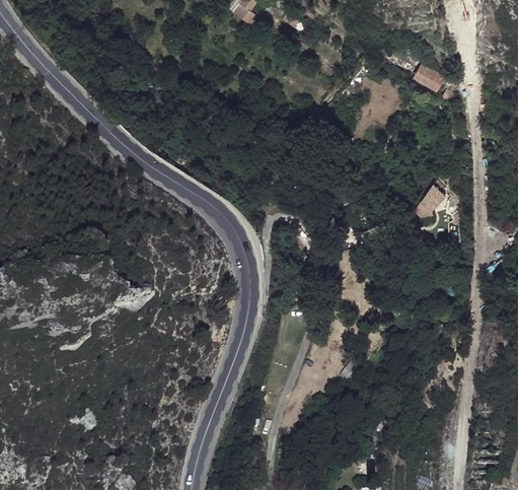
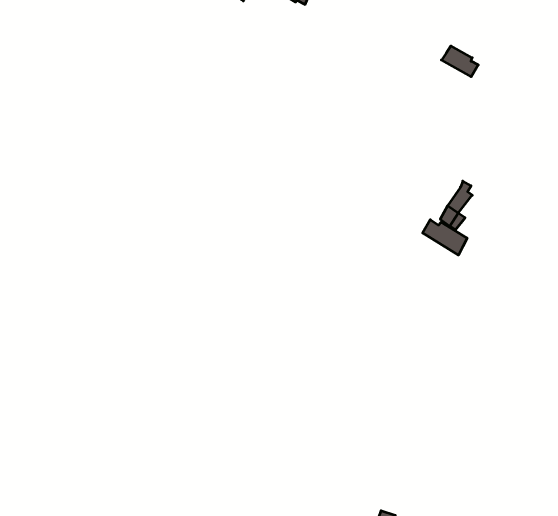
building: none -> [423,220,467,255]

